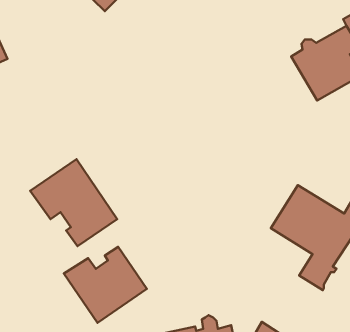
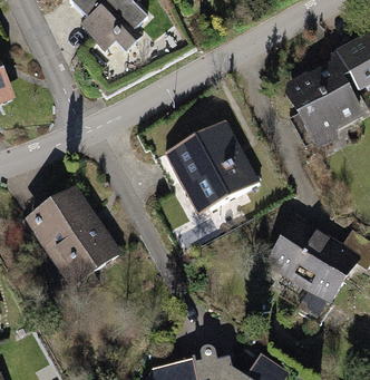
building: none -> [165,120,259,208]
building: [64,247,147,323] -> none

